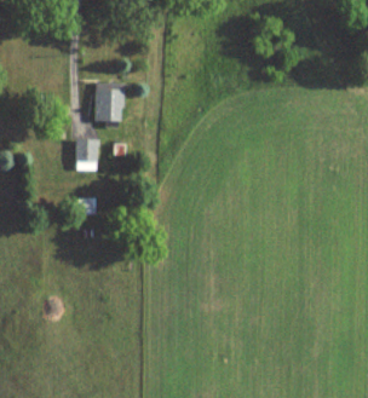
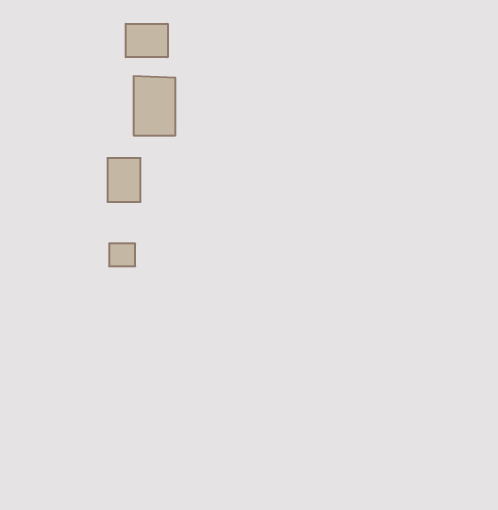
building: none -> [126,24,168,57]

